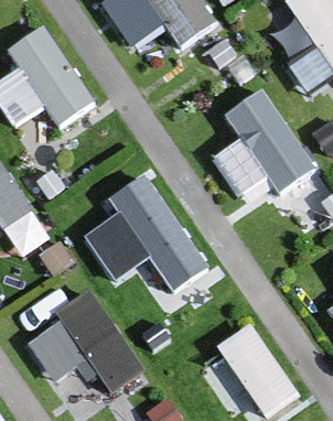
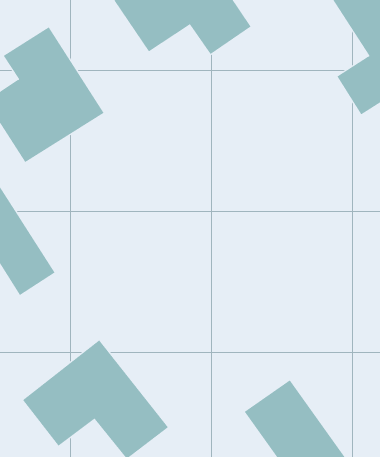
building: [213,88,315,210] -> none
building: [95,174,189,284] -> none

